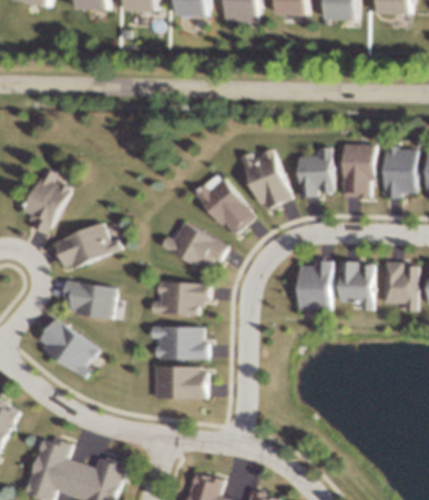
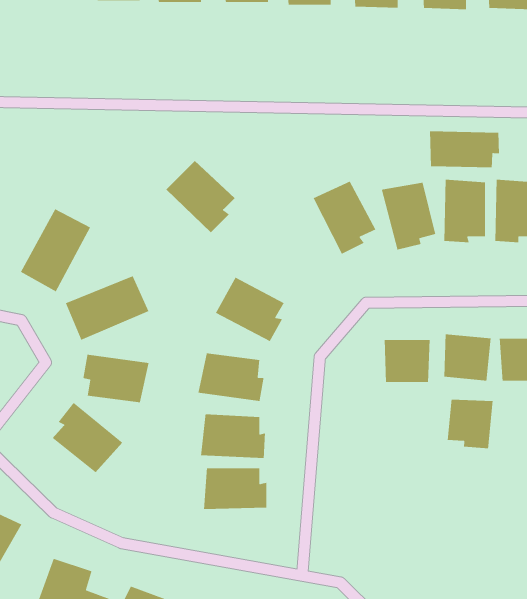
building: none -> [429,130,500,168]
building: [196,174,249,229] -> [166,160,235,233]
building: none -> [447,399,493,449]

